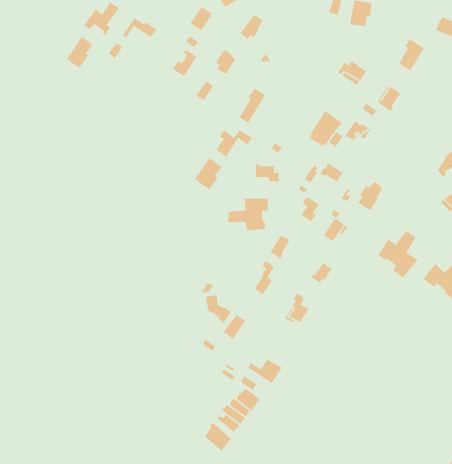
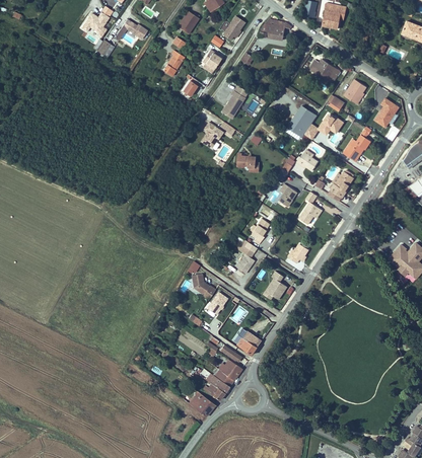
building: none -> [258,19,291,42]
building: [66,36,93,69] -> none
building: [398,38,425,71] -> [374,98,399,129]
building: none -> [343,127,371,161]
building: [194,157,222,190] -> none
building: [228,198,269,231] -> none
building: [377,230,418,279] -> none

